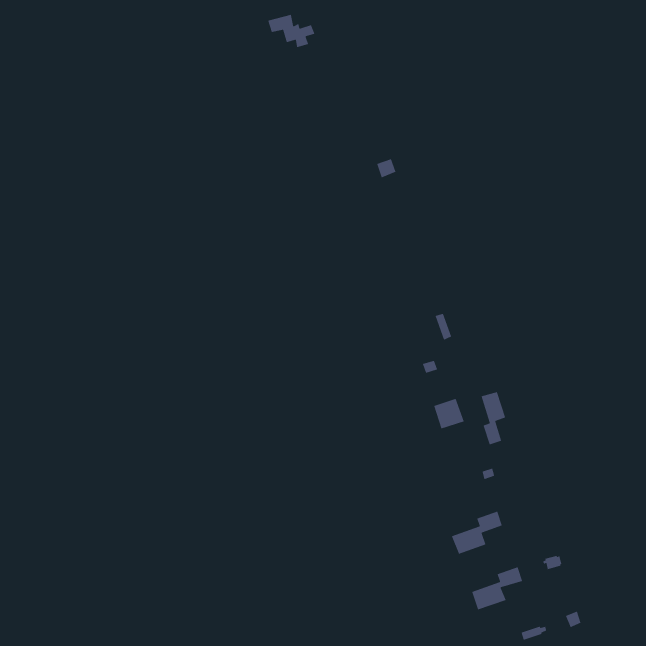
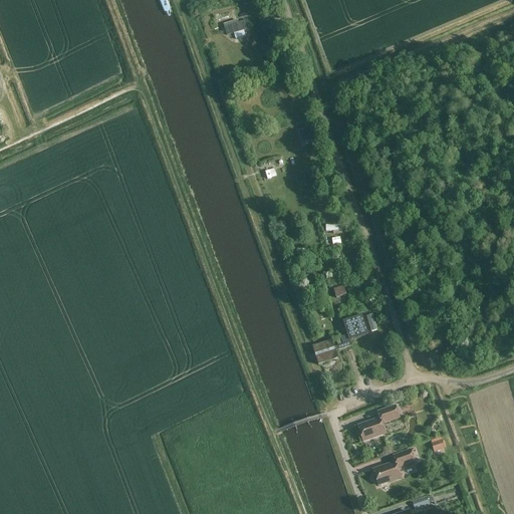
building: [481,391,506,446] -> none
building: none -> [313,339,339,363]

